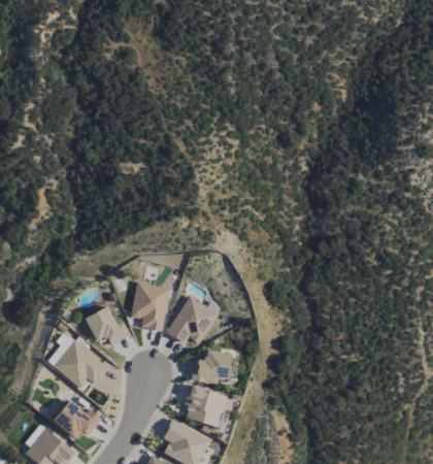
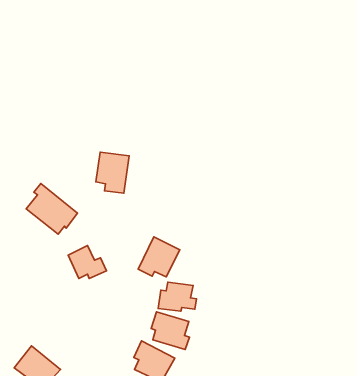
building: [131,281,170,330] -> [96,152,129,193]
building: [47,331,108,391] -> [26,183,78,234]
building: [53,399,102,439] -> none

